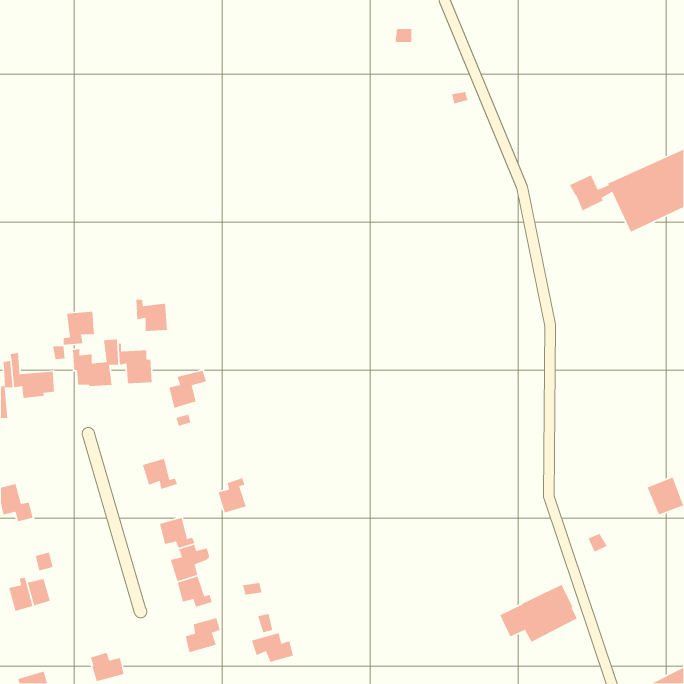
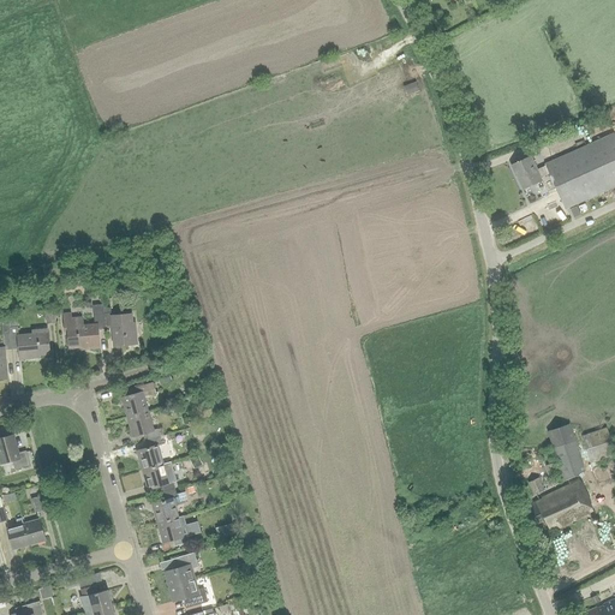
building: [135,299,168,332] -> none
building: [63,311,95,345] -> none
building: [168,370,207,409] -> [123,382,157,417]
building: none -> [548,424,585,482]
building: [218,477,247,513] -> [137,437,163,470]
building: [499,584,578,643] -> [521,480,592,533]
building: [251,632,294,663] -> [169,579,208,607]

